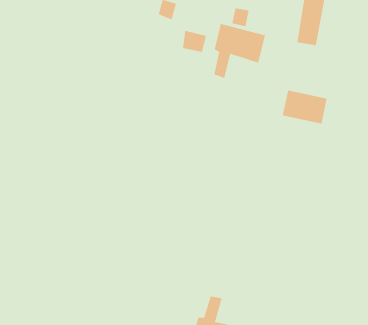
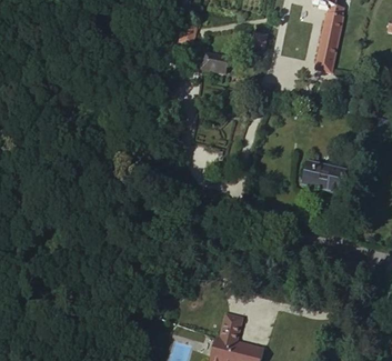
building: [214,23,266,79] -> none
building: [282,90,328,124] -> [301,159,346,193]

